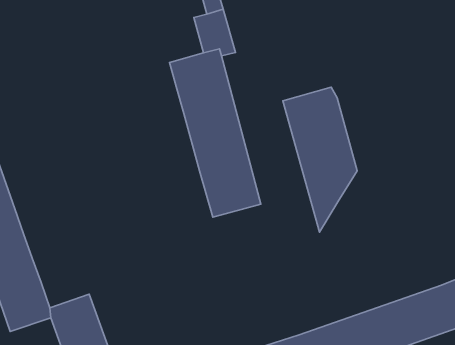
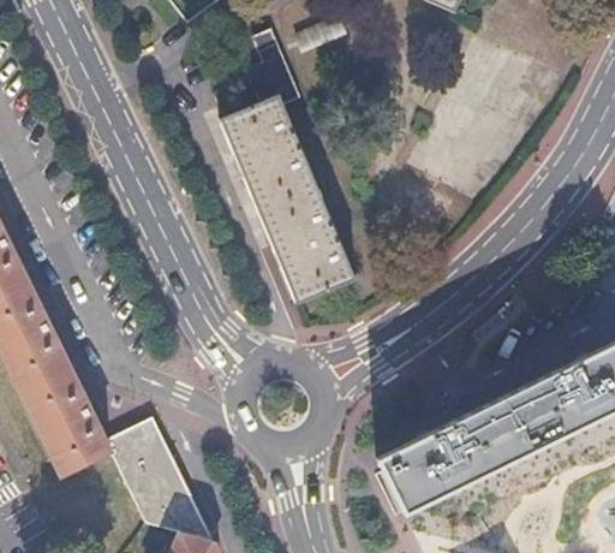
building: [283,87,357,232] -> none

